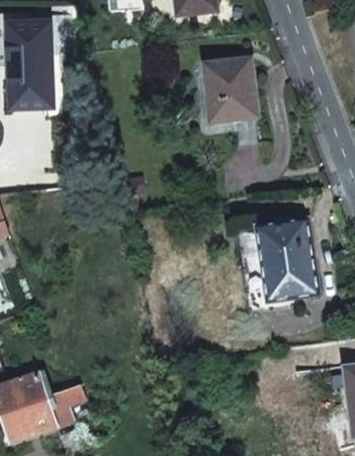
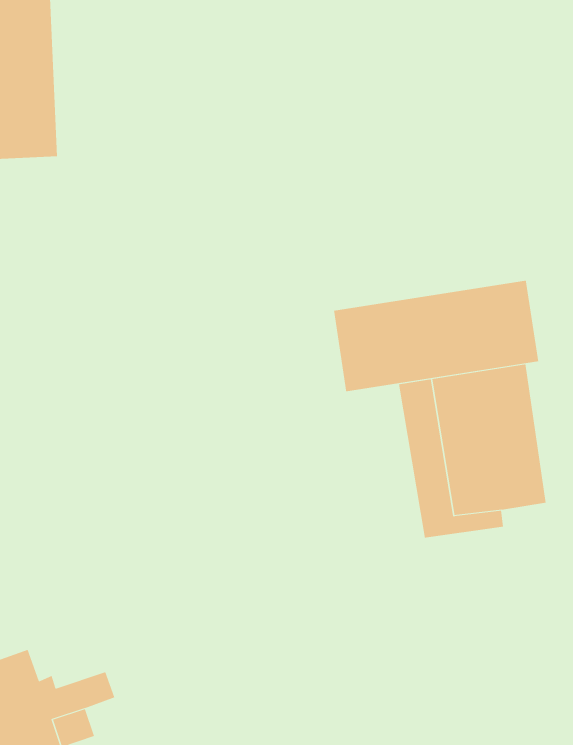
building: [205,59,257,121] -> none
building: none -> [333,280,539,392]

